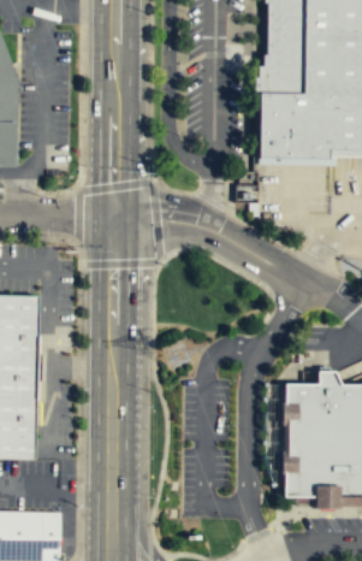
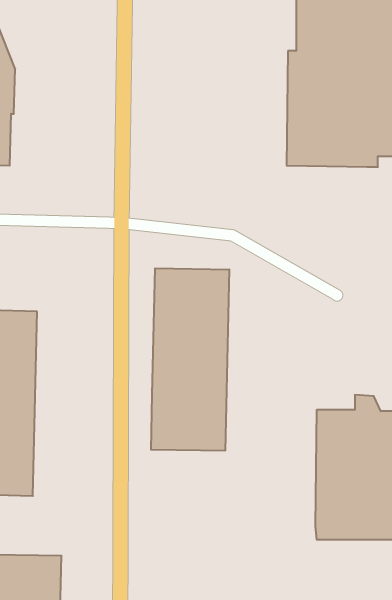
building: none -> [151,268,229,451]

